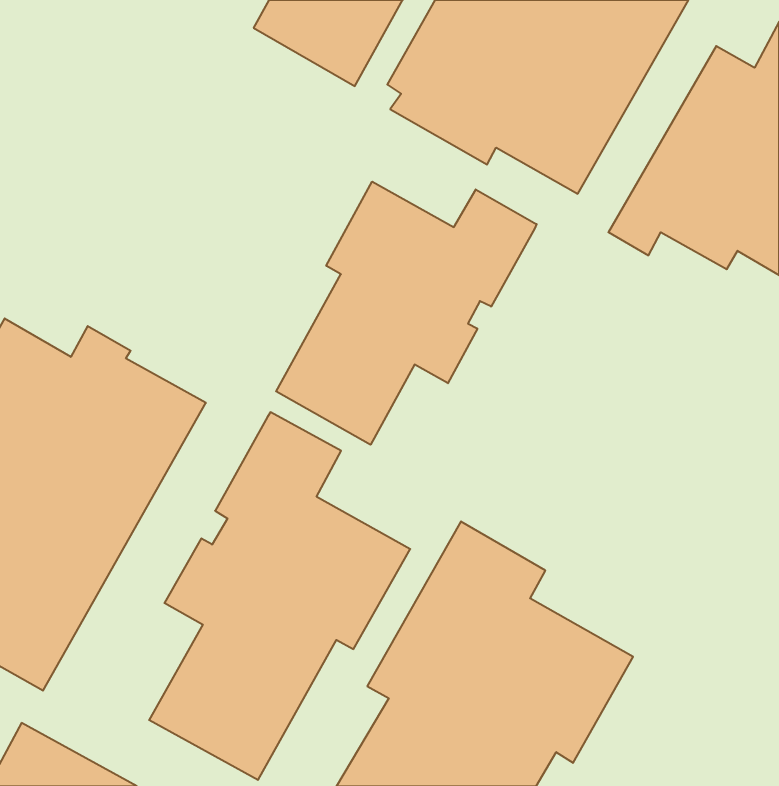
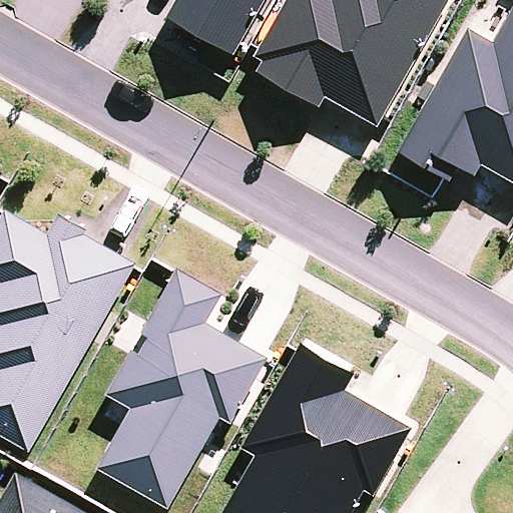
building: [276,182,537,445] -> none

